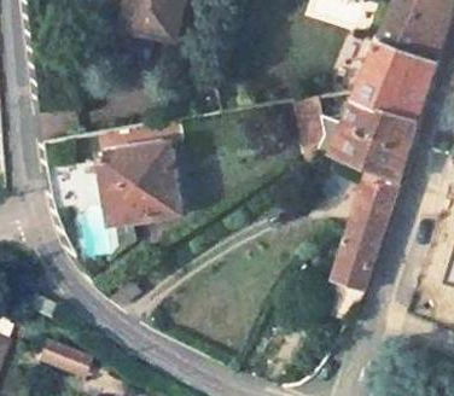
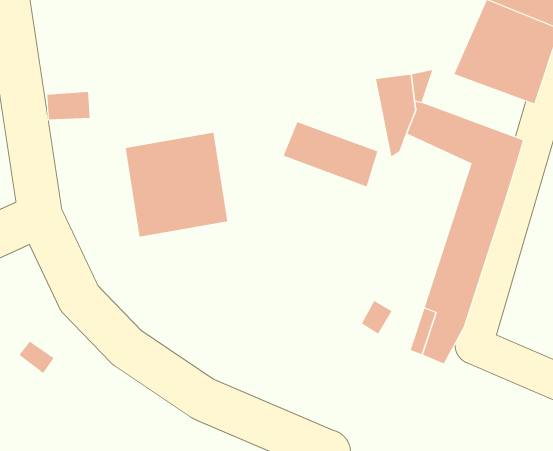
building: [345,97,419,147] -> [283,121,378,187]
building: [31,339,86,373] -> none

